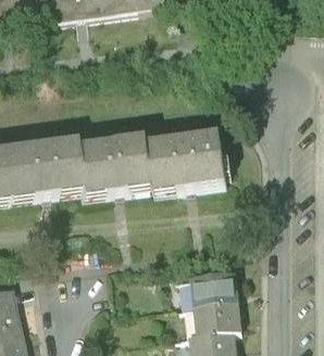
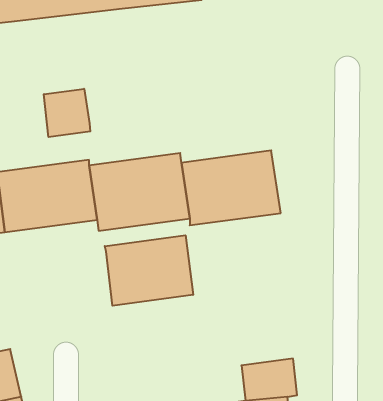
building: none -> [44,89,90,137]
building: none -> [105,235,193,306]
building: [194,270,238,304] -> none

